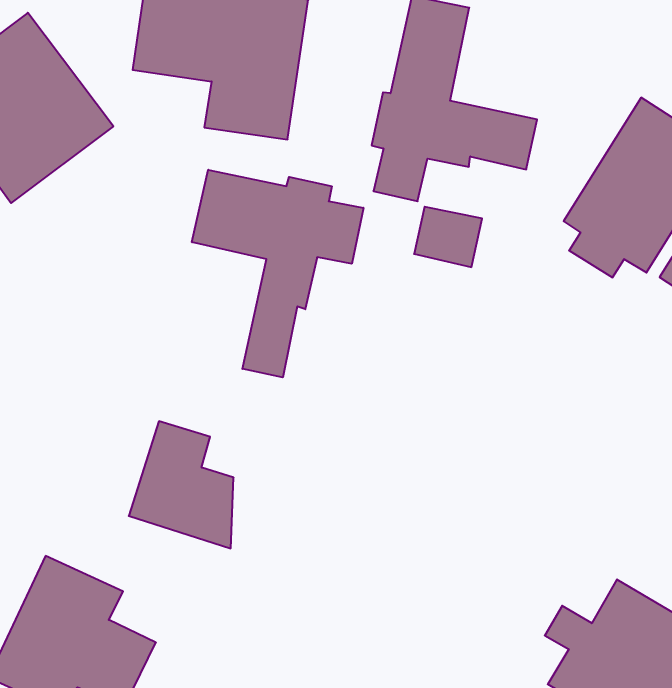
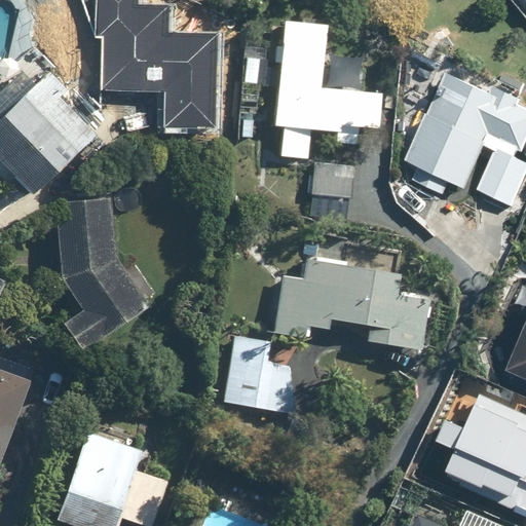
building: [192,170,363,377] -> none
building: none -> [57,197,147,351]
building: none -> [274,259,429,349]
building: [129,421,234,548] -> [222,335,294,415]

